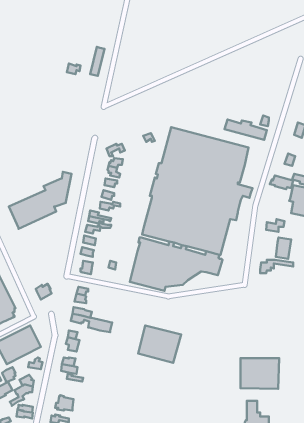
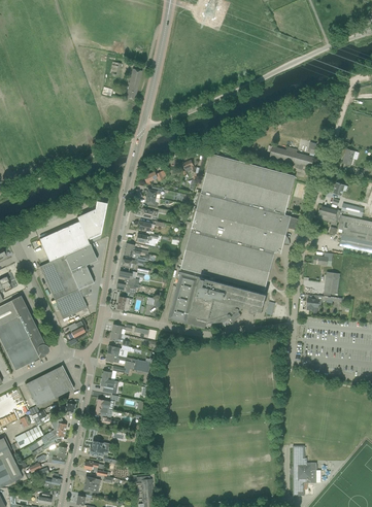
building: none -> [39,244,97,319]
building: [138,326,181,363] -> none
building: [240,358,279,389] -> none

